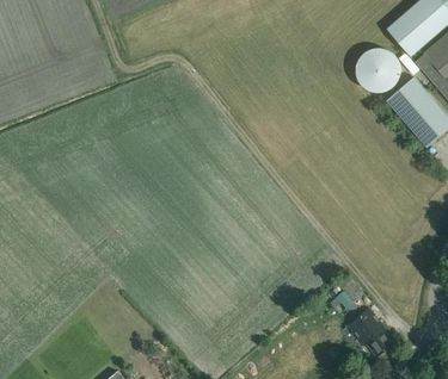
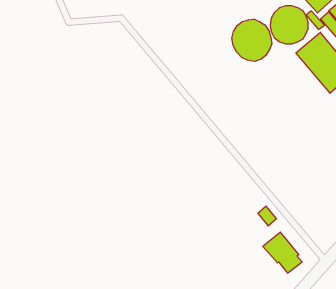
building: none -> [232,19,272,61]

